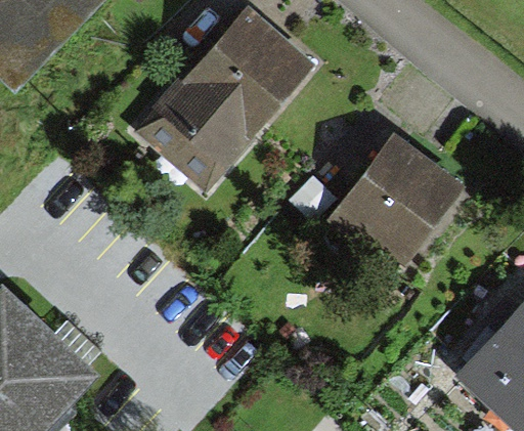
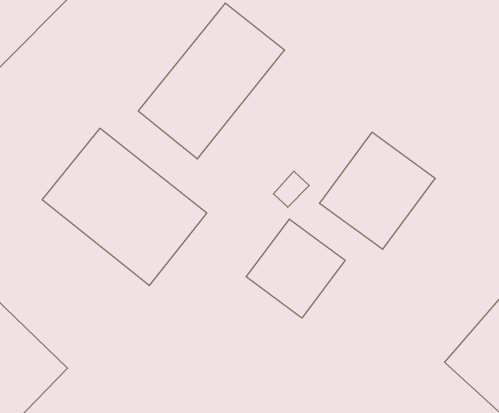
building: none -> [42,128,207,286]
building: none -> [246,219,345,318]

